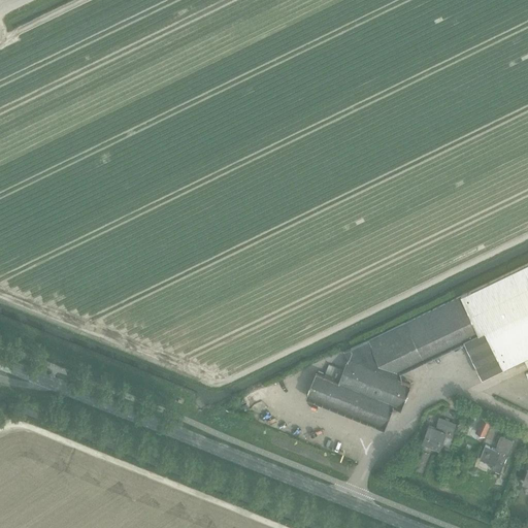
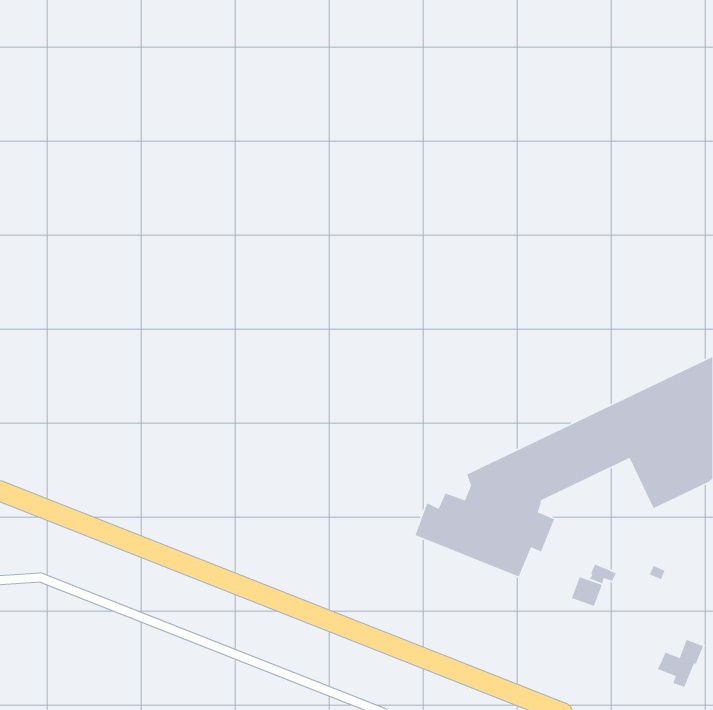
building: [478,438,514,474] -> [657,639,704,688]

